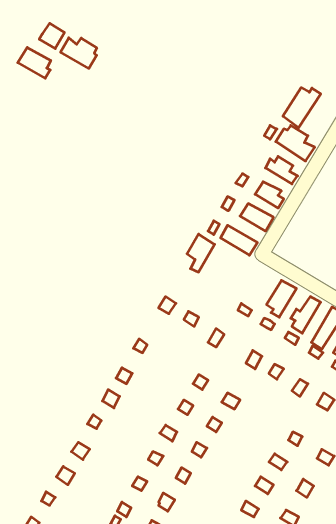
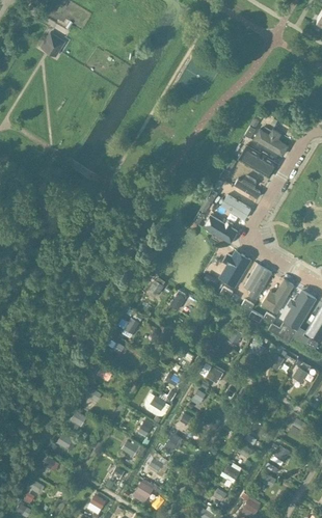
building: [61,38,97,68] -> none
building: [18,47,51,78] -> none
building: [283,88,321,128] -> none
building: [187,234,215,272] -> [226,251,251,285]

